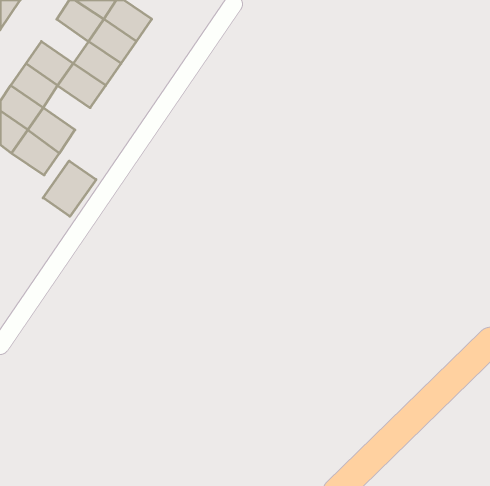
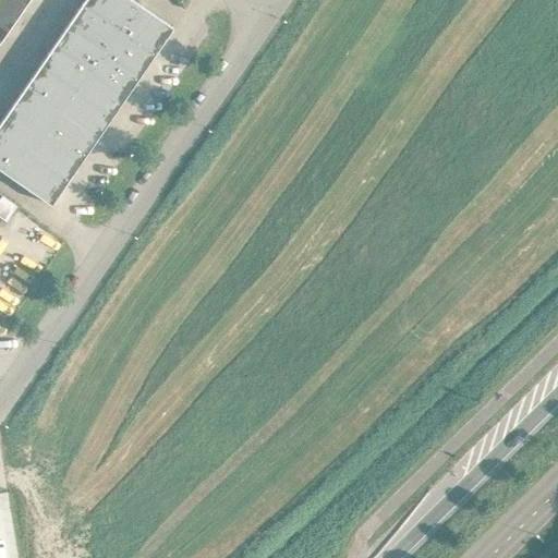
building: none -> [48,28,101,78]
building: none -> [50,104,104,154]
building: [43,161,96,216] -> none

